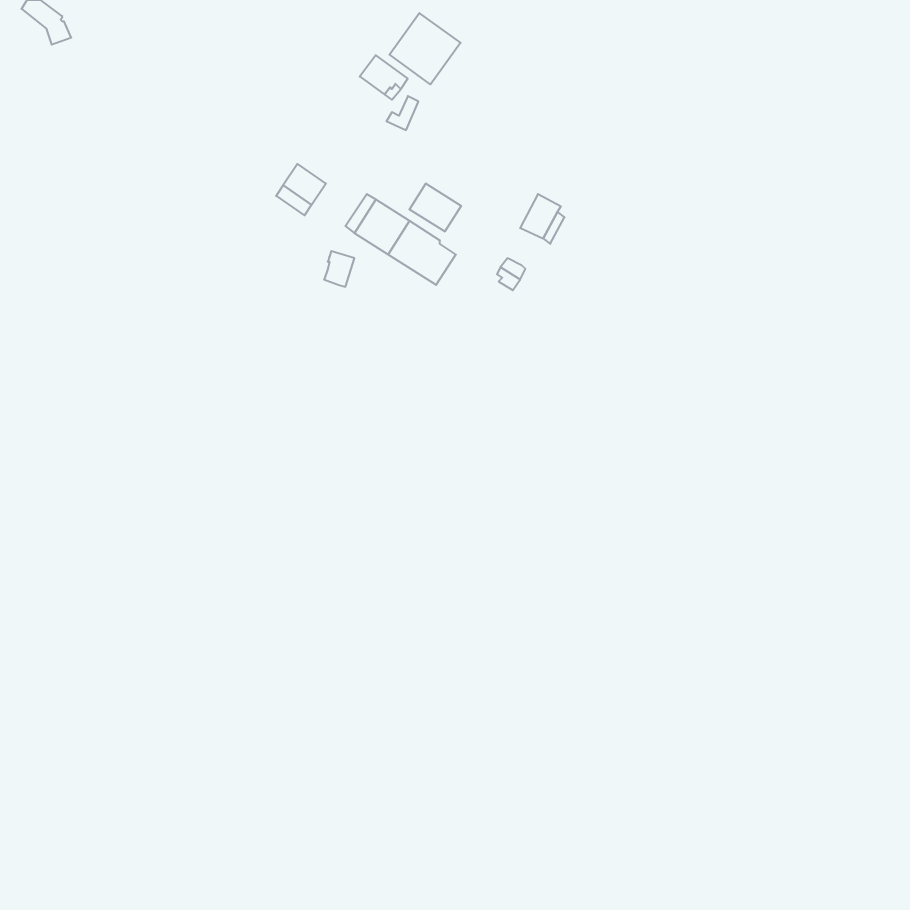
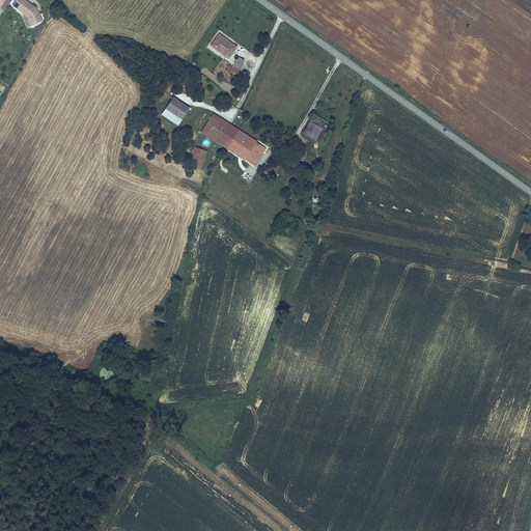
building: [389,13,461,84] -> none
building: [409,183,461,232] -> none

